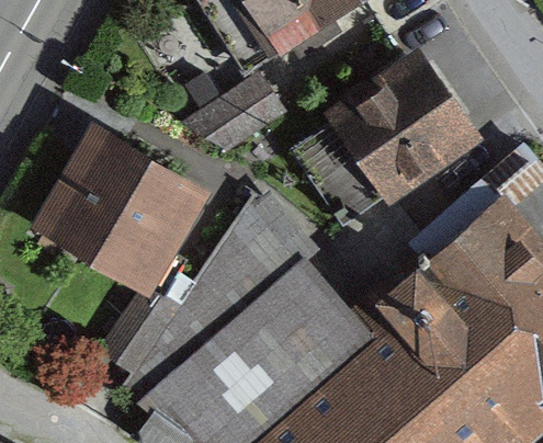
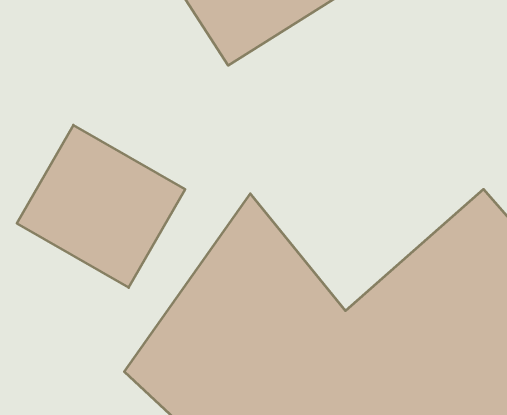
building: [331,41,487,197] -> none
building: [185,75,287,151] -> none

